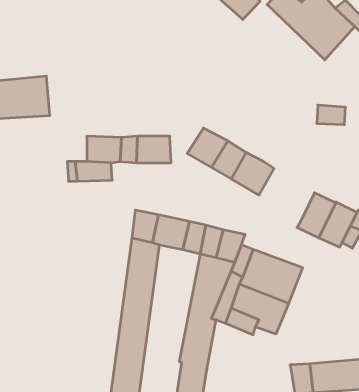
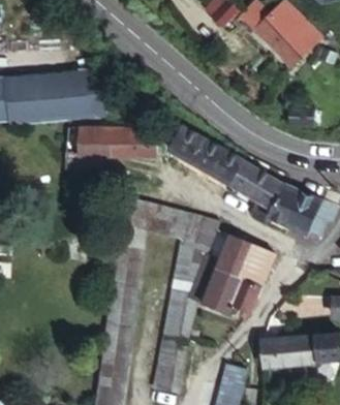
building: none -> [43,74,105,120]
building: none -> [234,163,283,209]

